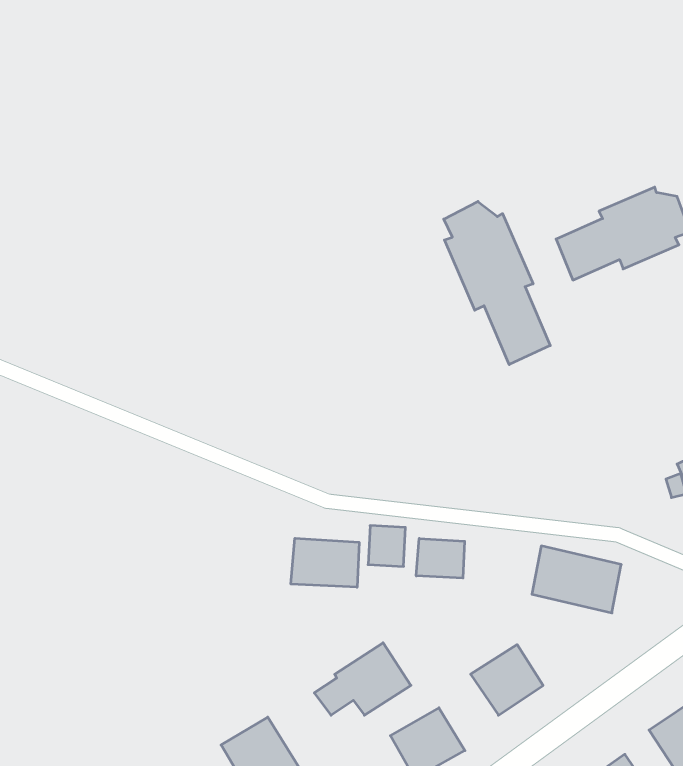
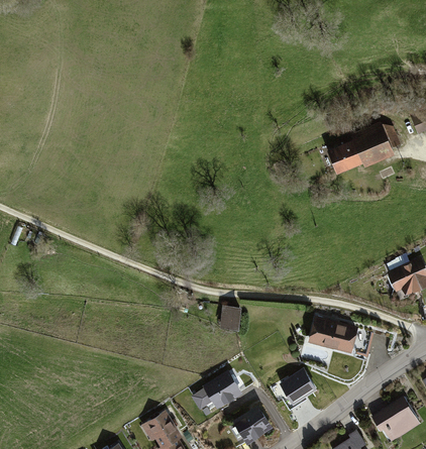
building: [444,201,550,365] -> none
building: [291,538,359,587] -> none
building: [416,538,465,578] -> none

